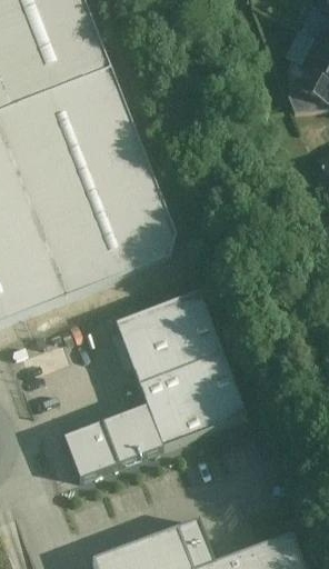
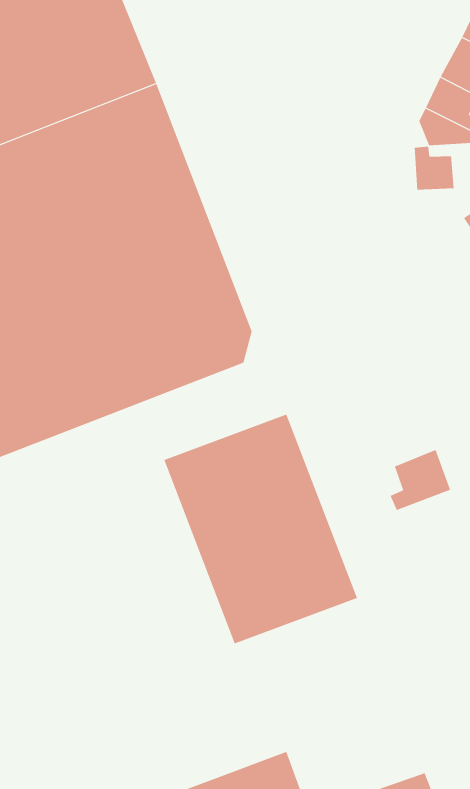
building: none -> [414,146,454,190]
building: none -> [390,449,451,511]
building: [61,405,161,479] -> none

